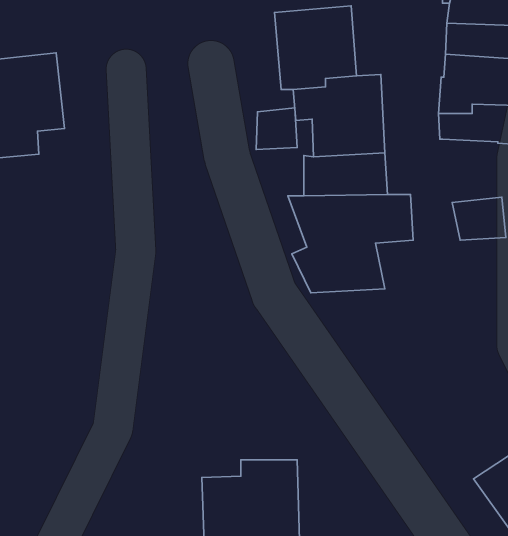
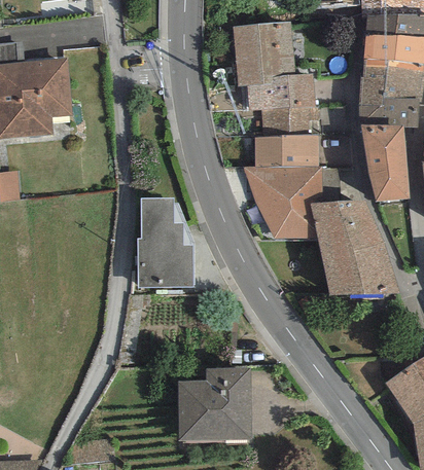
building: [256,108,297,150] -> none
building: none -> [361,123,407,172]
building: none -> [137,198,195,288]
building: none -> [310,200,402,294]

